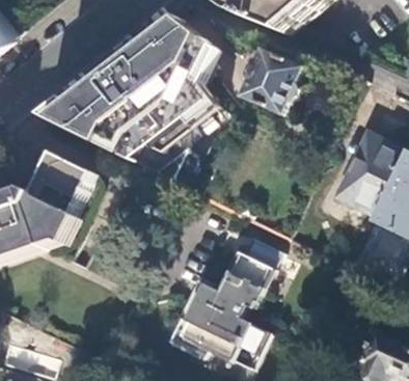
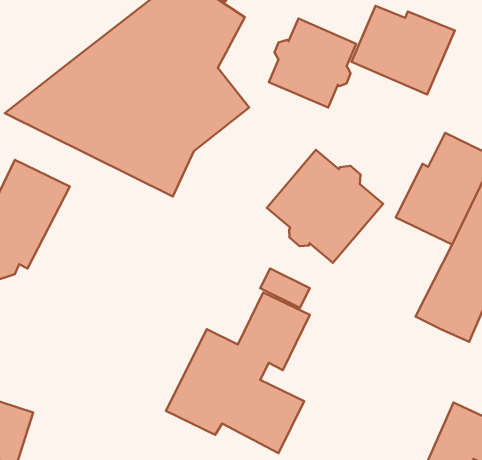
building: none -> [352,6,455,94]
building: none -> [267,150,383,263]

